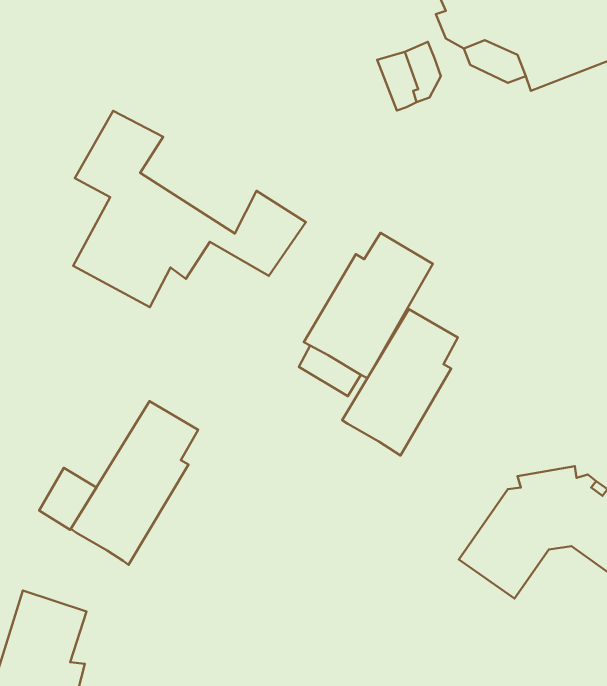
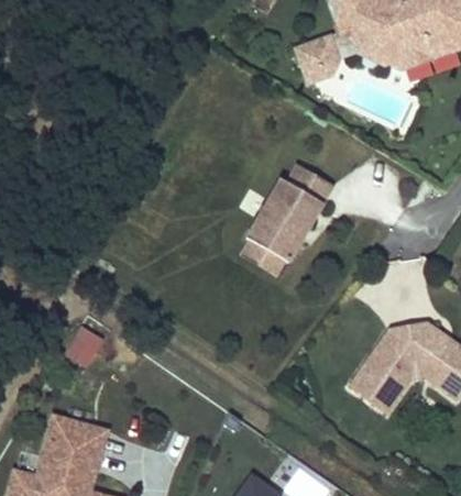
building: [73,111,306,307] -> none
building: [342,309,458,456] -> none
building: [71,401,198,565] -> none

